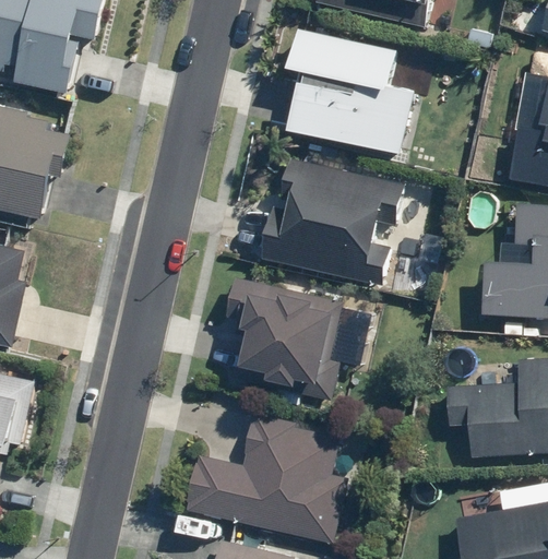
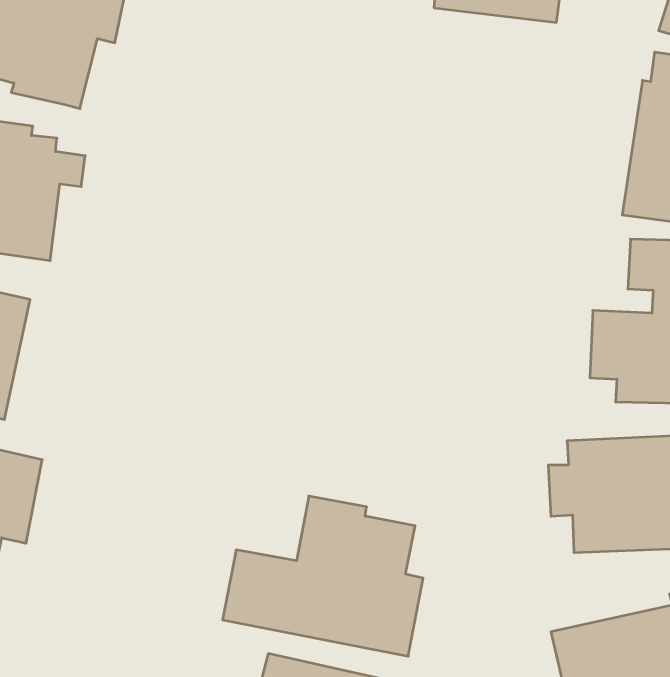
building: [288,26,420,154] -> none
building: [260,162,409,284] -> none
building: [228,271,344,396] -> none

